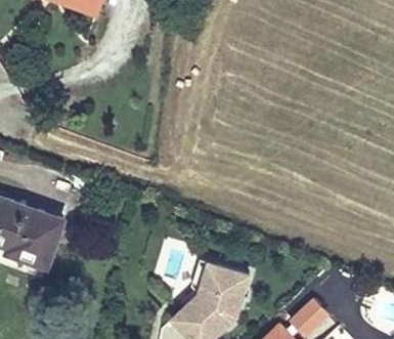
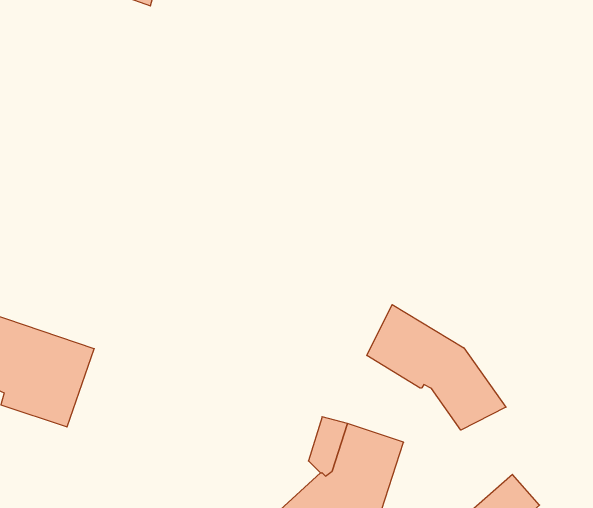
building: none -> [367,305,506,430]

